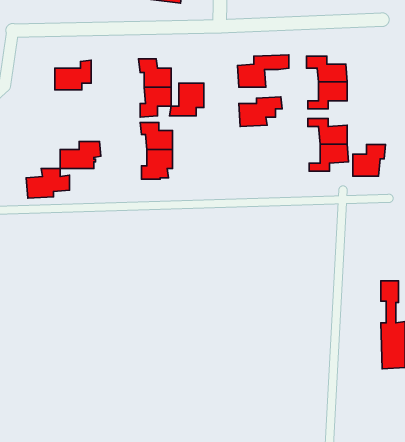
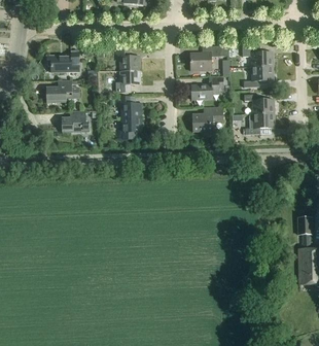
building: [170,83,204,116] -> none
building: none -> [191,107,222,131]
building: [353,145,385,176] -> none
building: [26,168,70,198] -> [45,80,78,103]

